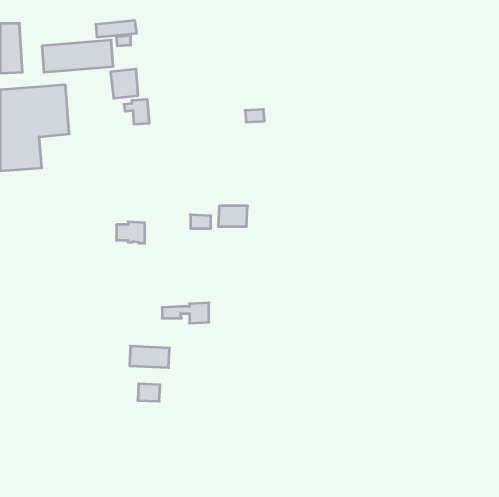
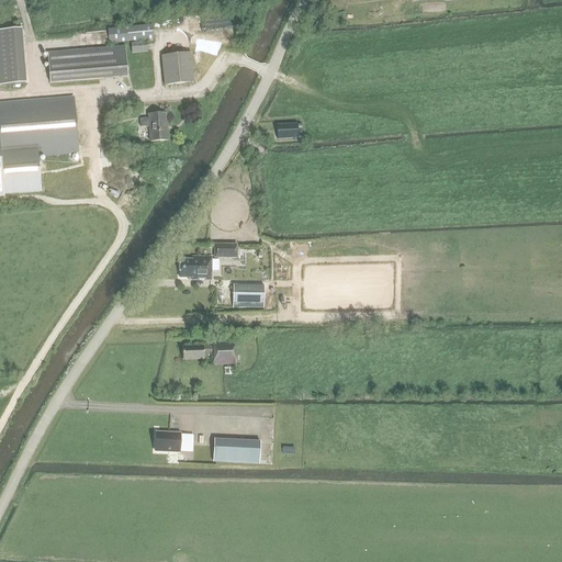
building: [111,69,138,98] -> [161,50,192,83]
building: [218,206,248,226] -> [232,283,265,306]
building: [116,222,145,243] -> [179,255,211,279]
building: [130,346,170,368] -> [215,438,260,462]

